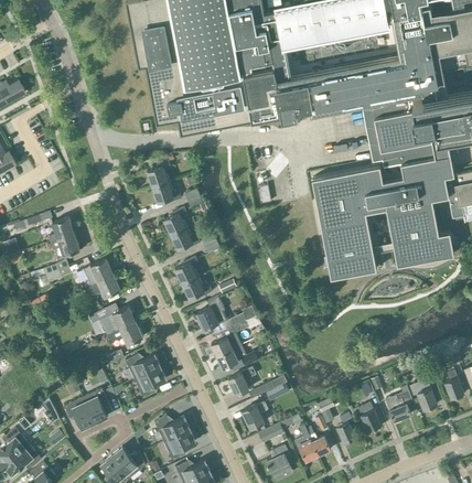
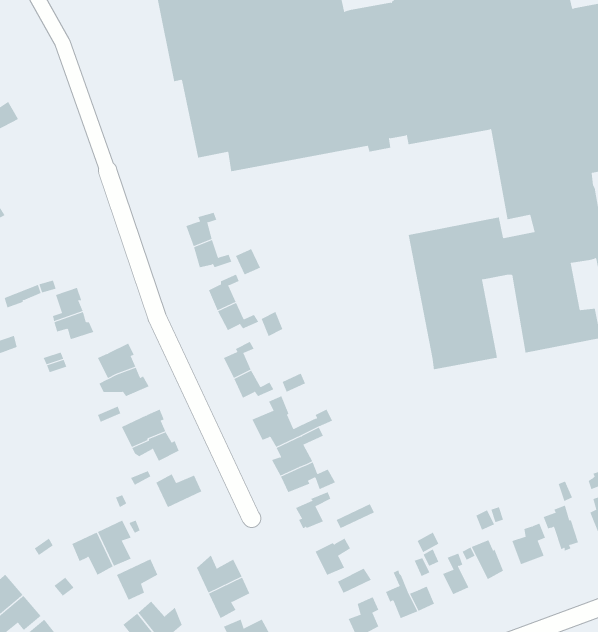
building: [135,368,165,399] -> [116,558,158,600]

